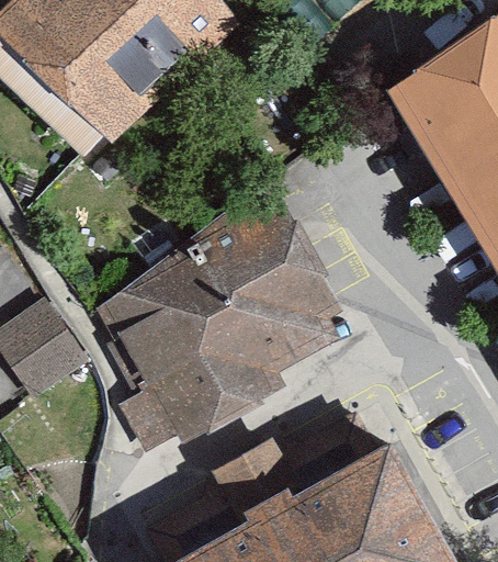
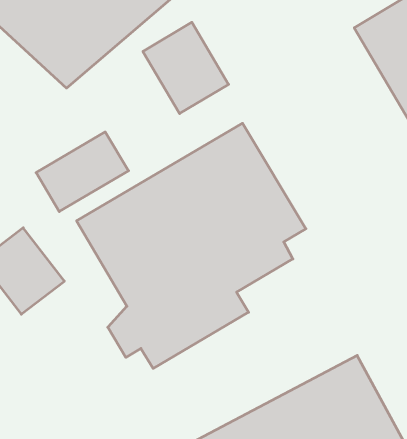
building: none -> [143,22,229,114]
building: none -> [36,132,129,212]

